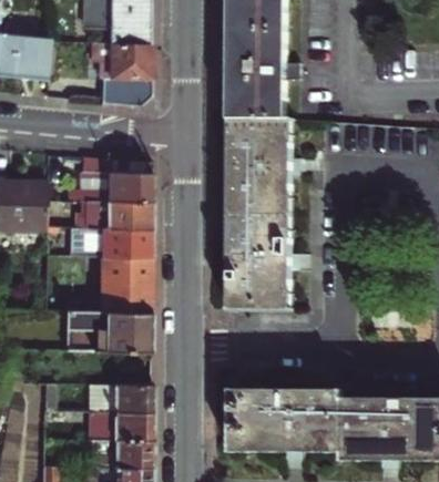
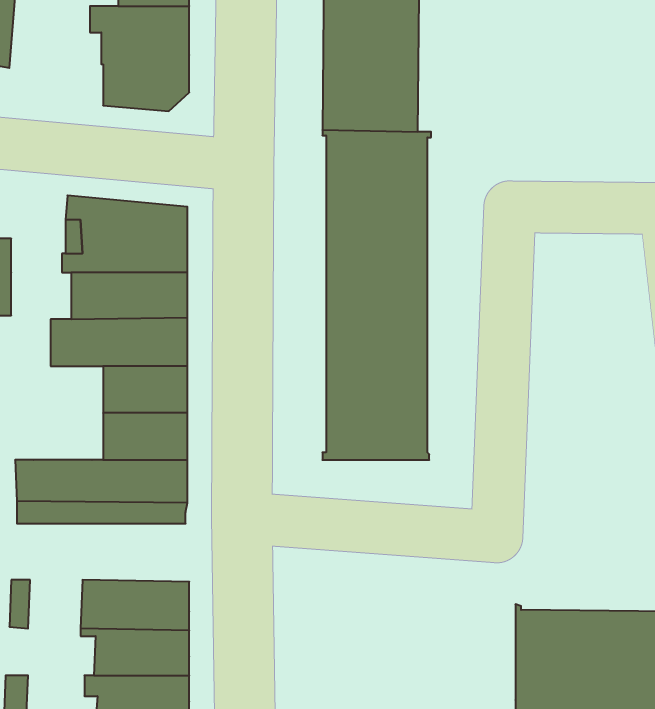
building: [229,389,344,453] -> none

